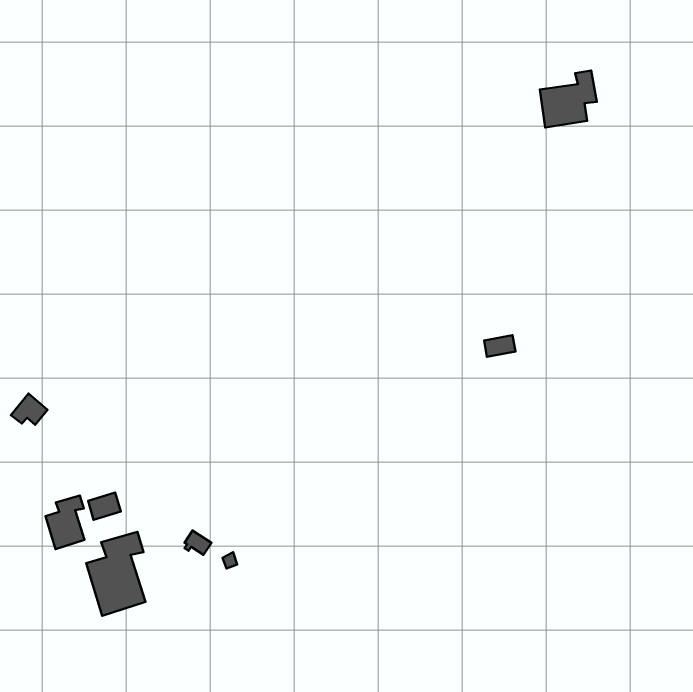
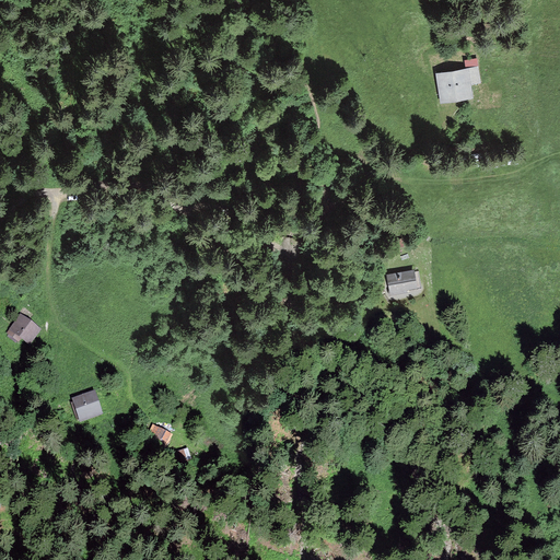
building: [46,496,85,549] -> none
building: [86,532,146,616] -> none

